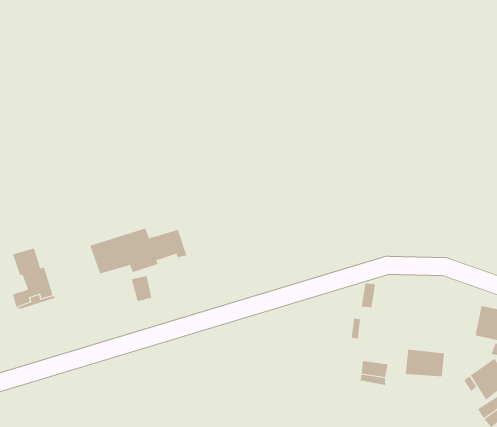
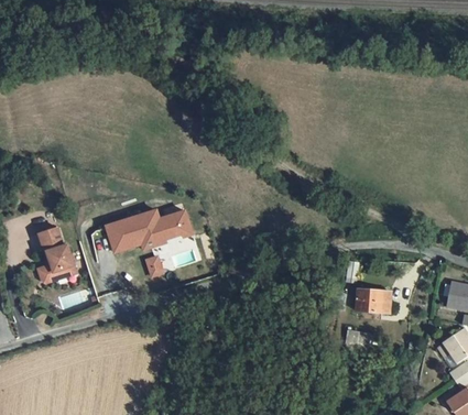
building: [405,349,445,377] -> [356,287,391,312]

